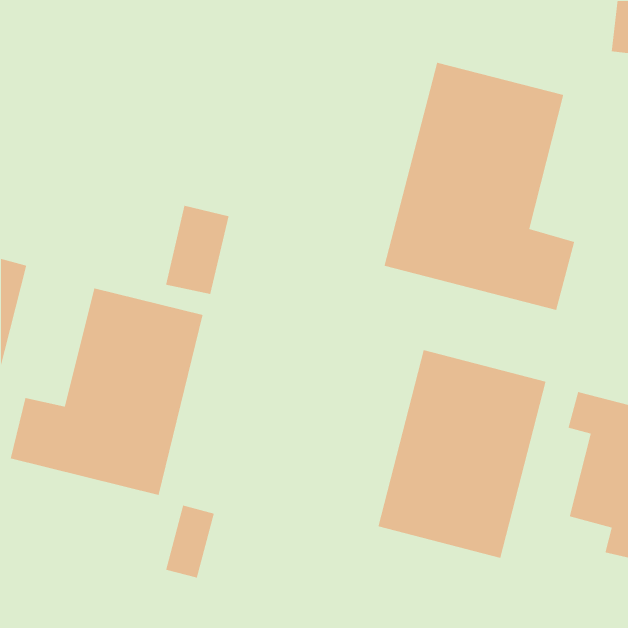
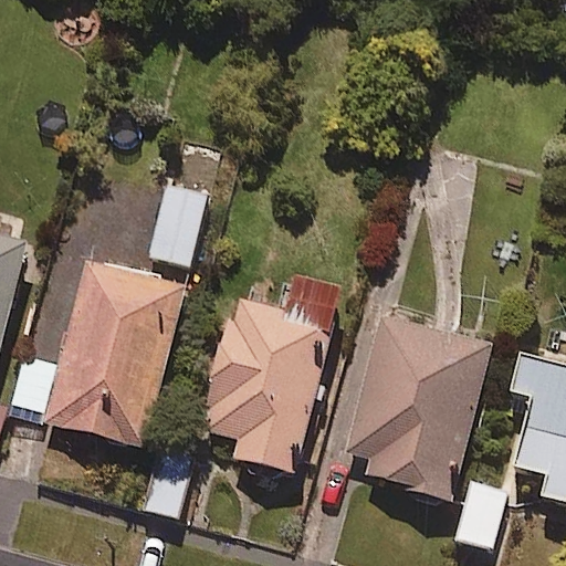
building: [384,62,575,311] -> none
building: none -> [198,280,342,473]

